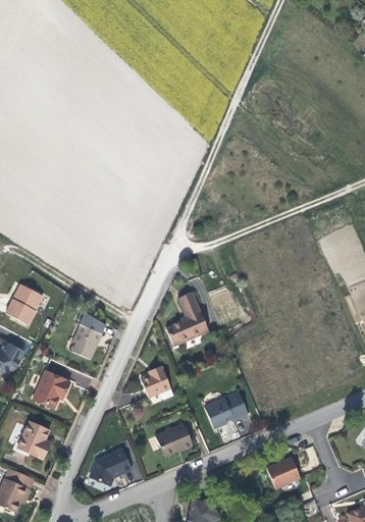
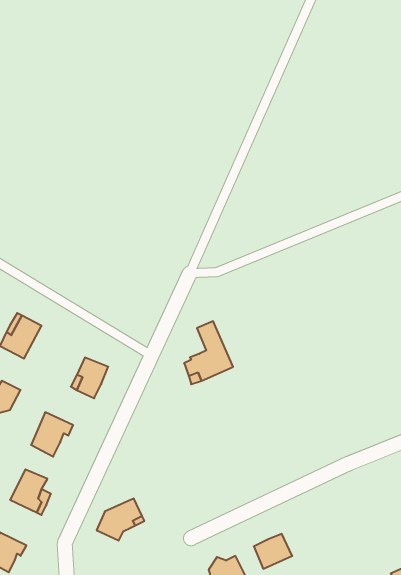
building: [140,364,175,400] -> none
building: [204,395,246,429] -> none
building: [155,421,195,455] -> none
building: [268,457,302,487] -> [254,534,292,569]

